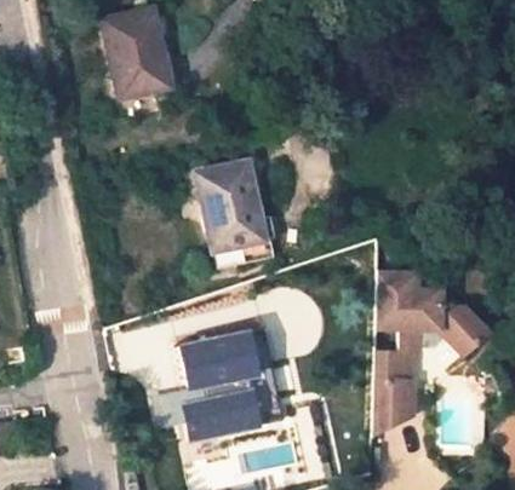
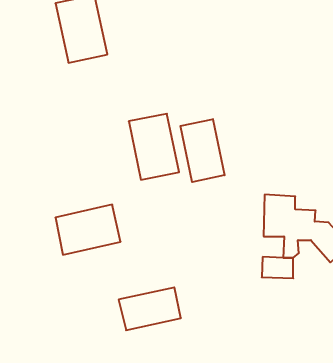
building: none -> [180,119,225,182]
building: [183,327,268,392] -> [55,205,121,255]
building: [372,376,414,436] -> none

